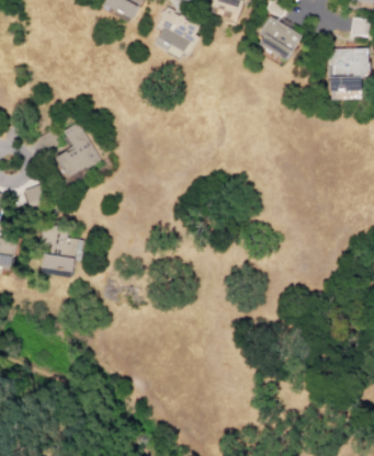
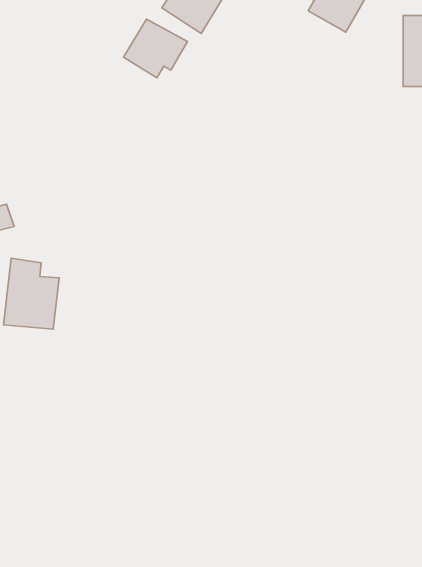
building: none -> [123,19,188,78]
building: [54,123,98,178] -> none

